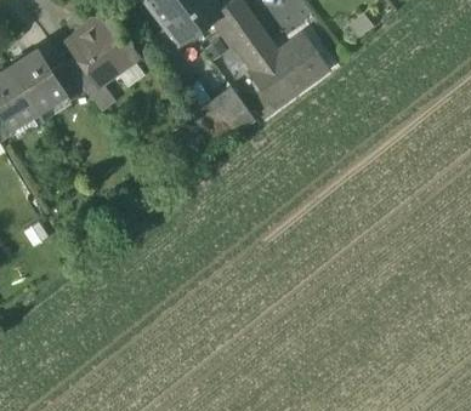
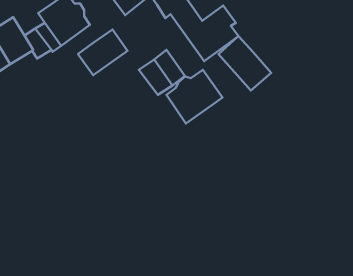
building: none -> [78,29,127,75]
building: none -> [219,36,271,91]
building: none -> [166,70,223,124]

